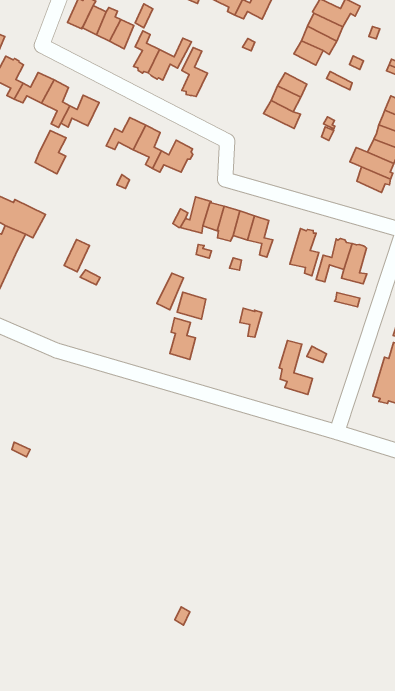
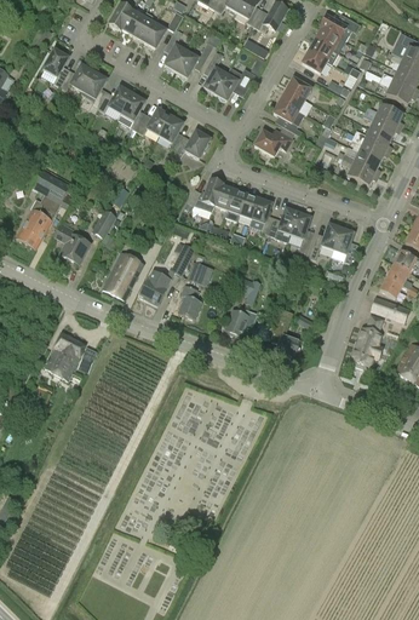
building: none -> [214,67,254,101]
building: [35,130,66,174] -> [116,93,144,131]
building: none -> [253,131,291,156]
building: none -> [266,207,297,242]
building: none -> [54,223,88,262]
building: none -> [102,251,143,299]
building: none -> [139,269,174,305]
building: none -> [225,306,257,335]
building: none -> [45,331,85,379]

